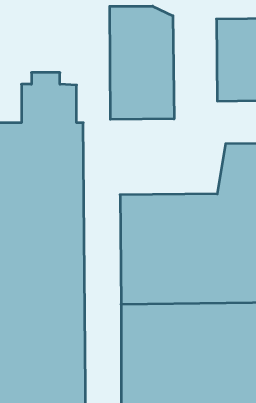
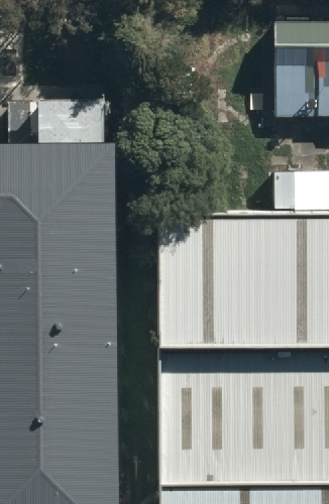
building: [110,6,174,119] -> none

